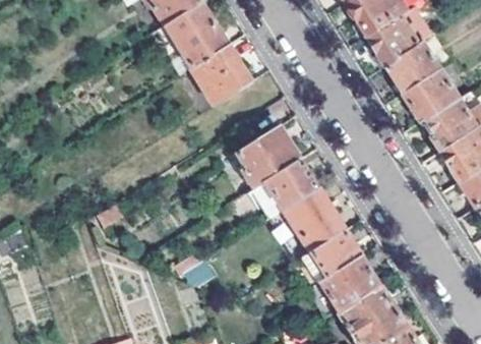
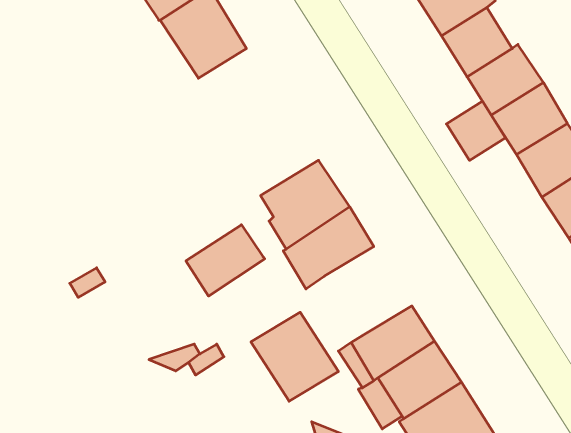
building: [191,44,253,106] -> none
building: none -> [446,101,506,160]
building: none -> [186,225,265,296]
building: [283,188,346,252] -> [251,312,338,401]

